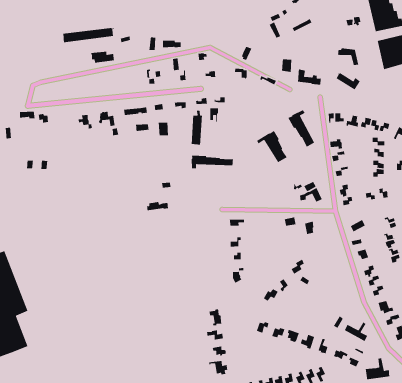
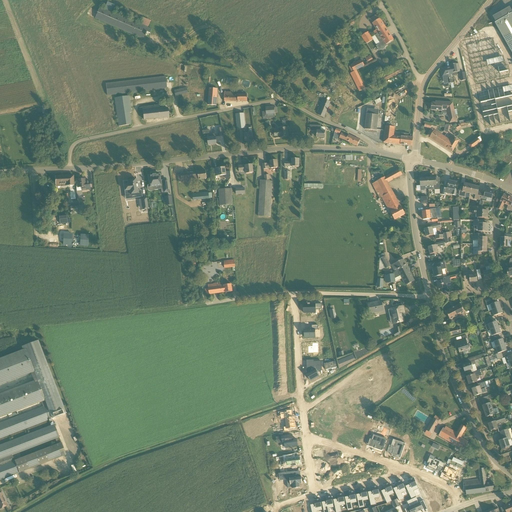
building: none -> [113,95,130,126]
building: [256,130,288,163] -> none
building: [191,155,234,169] -> none

